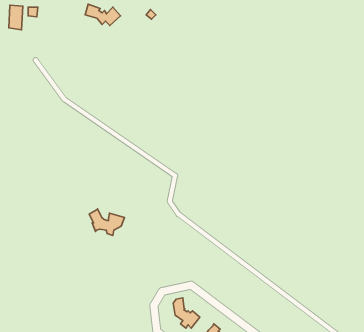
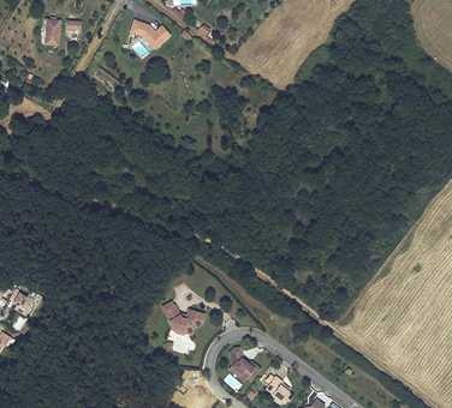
building: [89,209,125,236] -> [166,302,206,332]

